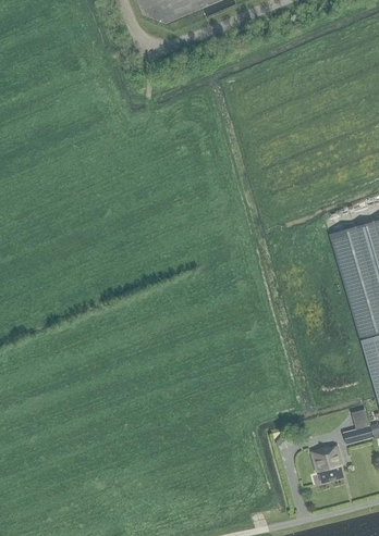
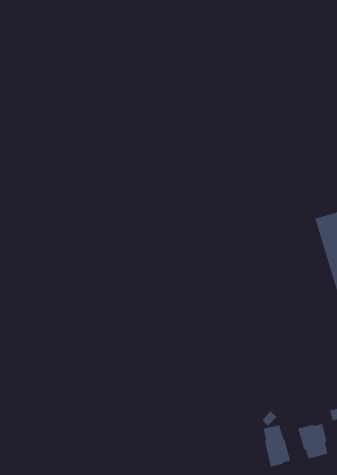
building: none -> [263,424,291,467]

